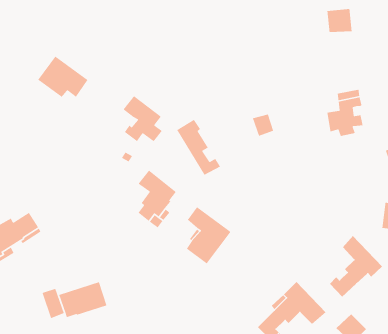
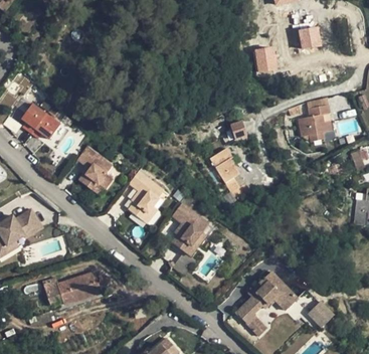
building: none -> [253,44,278,72]
building: [37,55,89,98] -> [18,101,64,139]
building: [123,95,163,142] -> [77,146,114,188]
building: [176,119,221,176] -> [210,148,250,199]
building: [329,235,383,298] -> none

